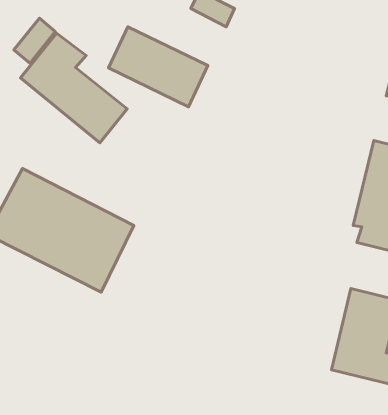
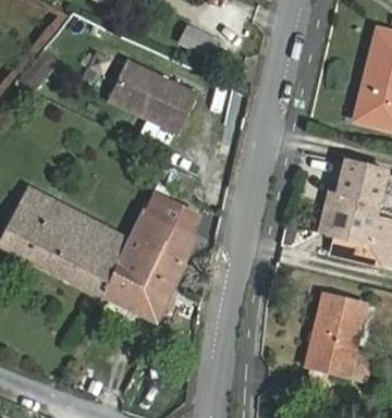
building: [20,33,127,143] -> none
building: none -> [99,193,200,325]

